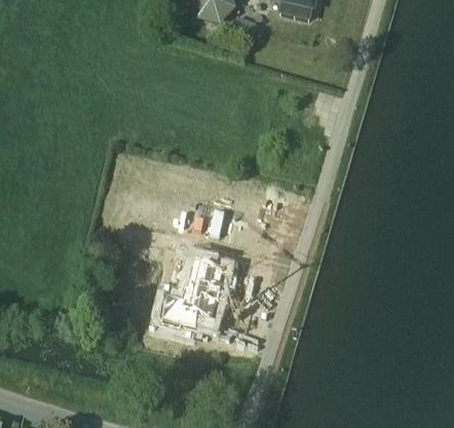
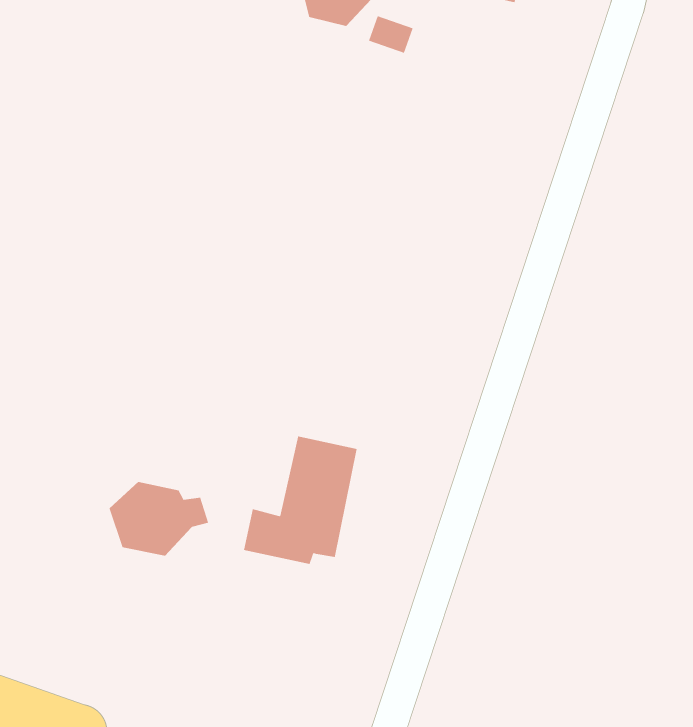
building: none -> [109,481,209,556]

